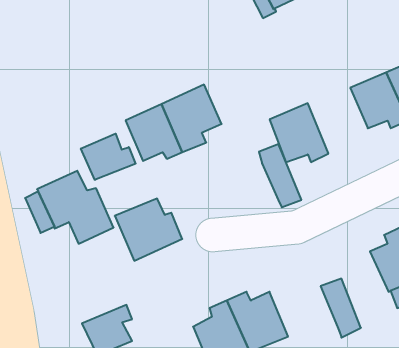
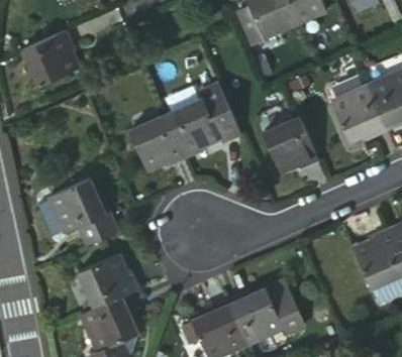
building: none -> [27,33,79,86]
building: [81,134,136,180] -> none
building: [259,144,301,207] -> [197,80,236,138]
building: [115,199,182,261] -> [75,254,137,312]
building: [321,279,361,338] -> [261,282,298,337]

